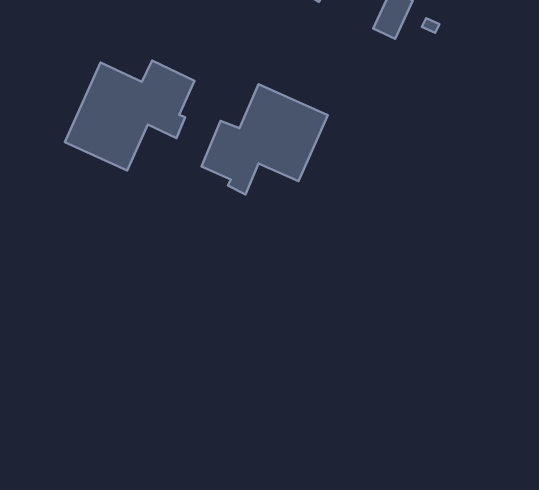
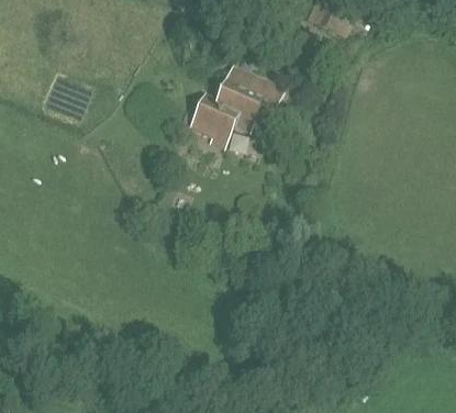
building: [65,61,194,170] -> none

